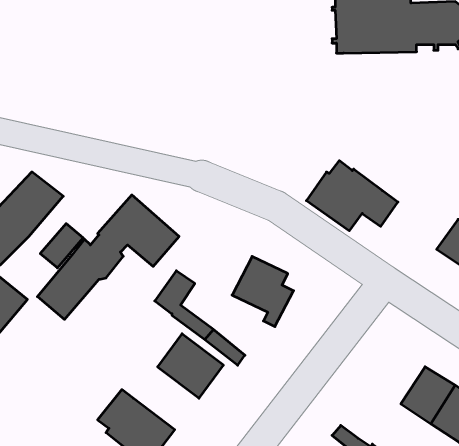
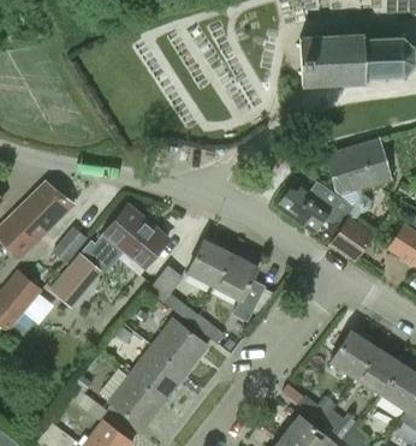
building: none -> [325,138,390,262]
building: none -> [188,239,231,286]
building: none -> [331,329,376,377]
building: none -> [131,346,186,399]

